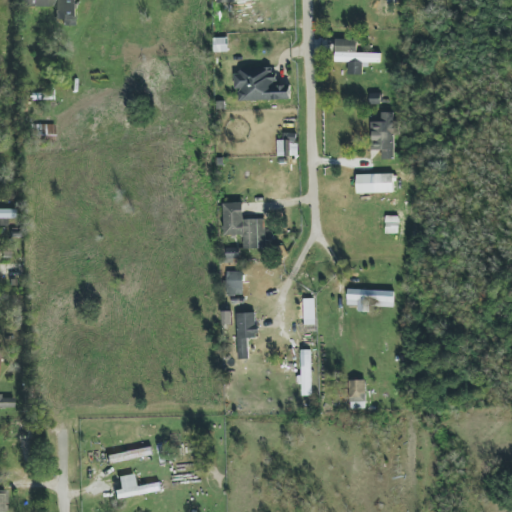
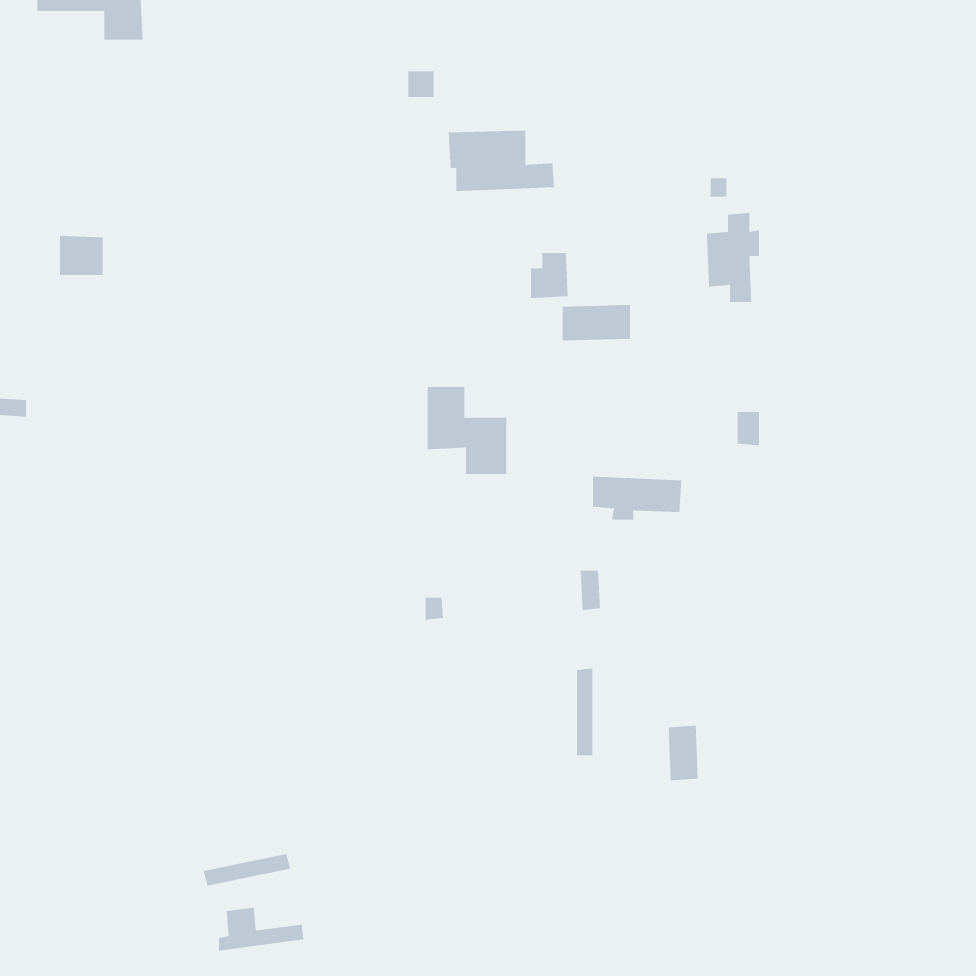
building: [334,38,380,74] -> none
building: [356,173,392,192] -> [562,305,631,341]
building: [226,271,243,295] -> none
building: [347,288,394,311] -> [592,476,682,520]
building: [236,312,256,359] -> none

